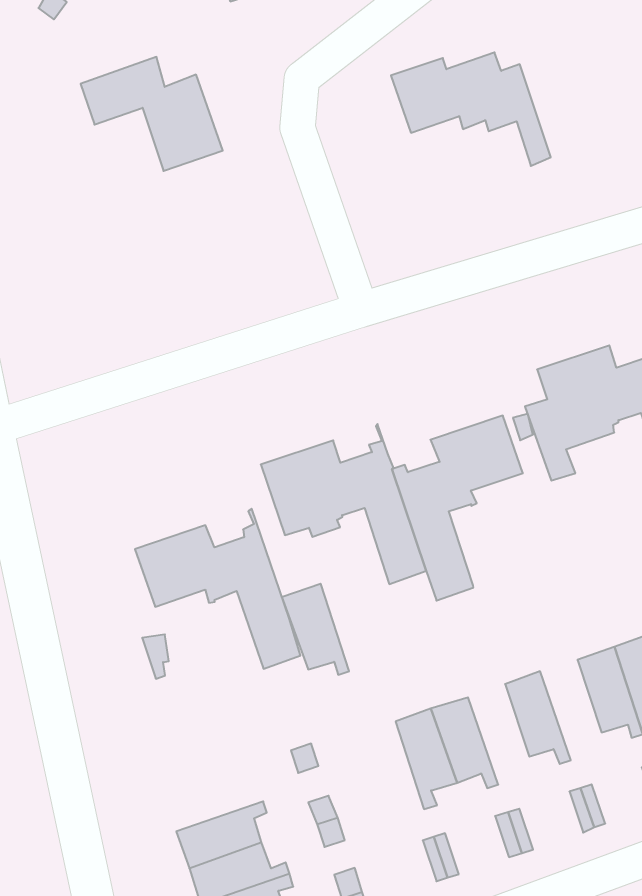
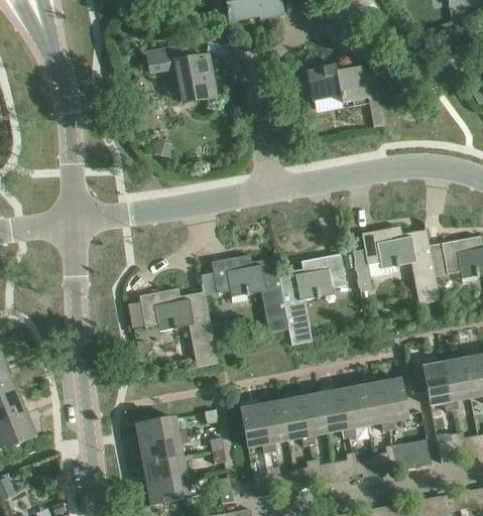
building: [282,584,349,675] -> [240,403,269,452]
building: none -> [340,385,367,436]
building: none -> [300,392,328,443]
building: none -> [135,415,187,443]

